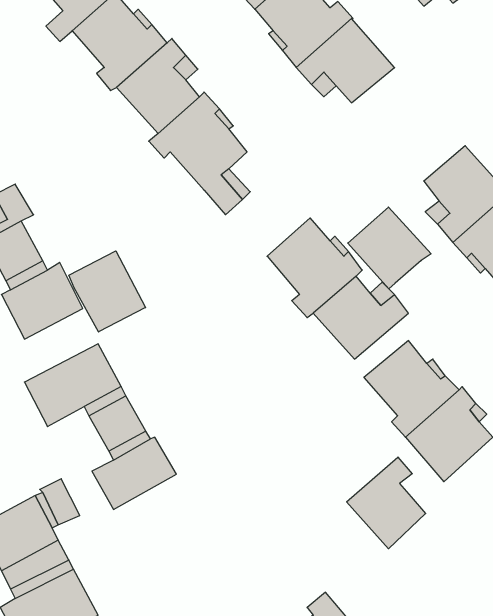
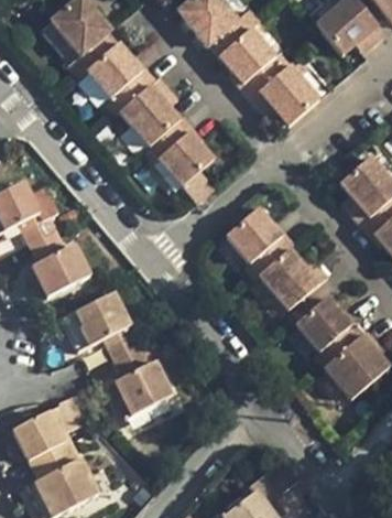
building: [348,207,431,289] -> none
building: [69,251,146,332] -> none
building: [347,457,426,549] -> none

